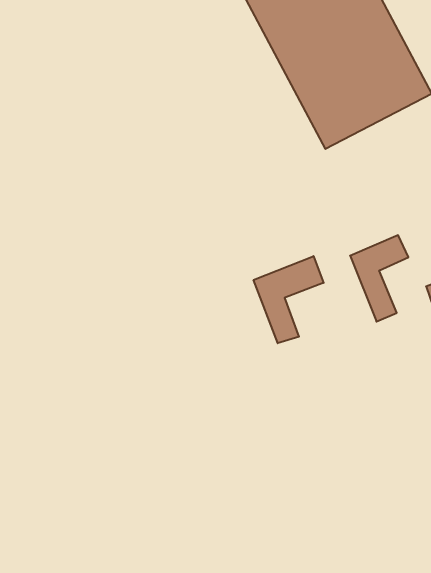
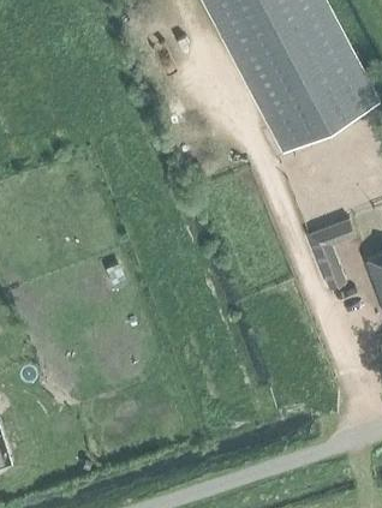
building: [254,256,324,343] -> none

